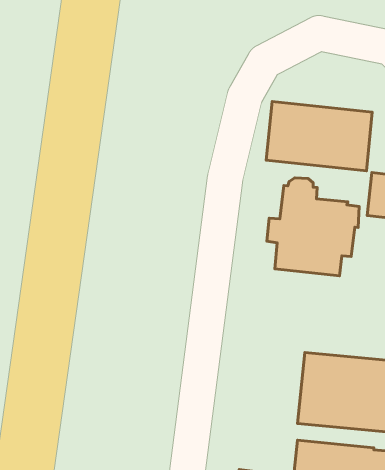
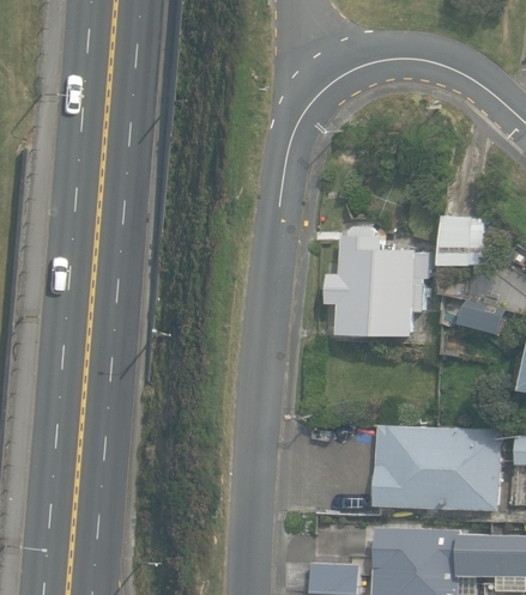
building: [266,102,372,171] -> none

